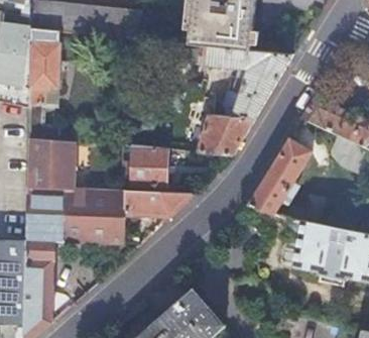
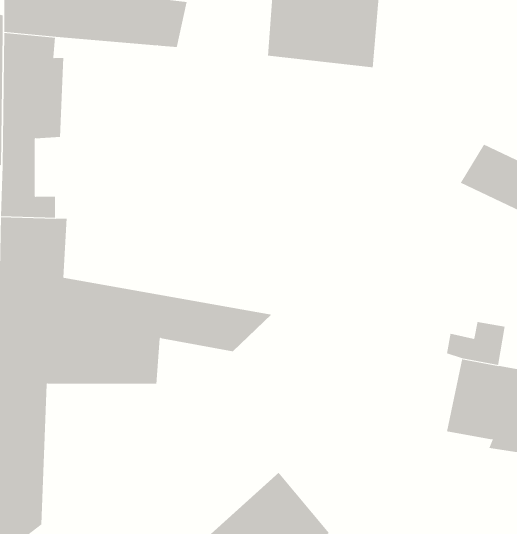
building: [167,40,292,156] -> none
building: [248,138,313,214] -> none
building: [130,144,170,187] -> none

